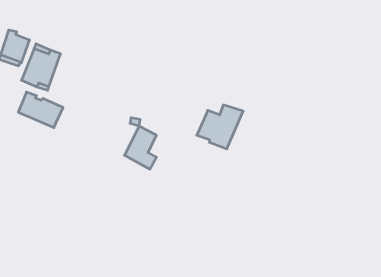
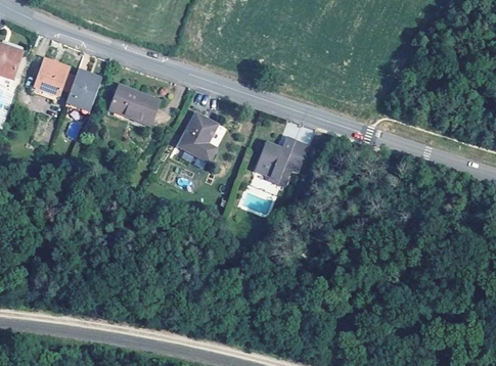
building: [18,92,63,128] -> [110,82,161,122]
building: [124,126,156,169] -> [182,109,218,157]

